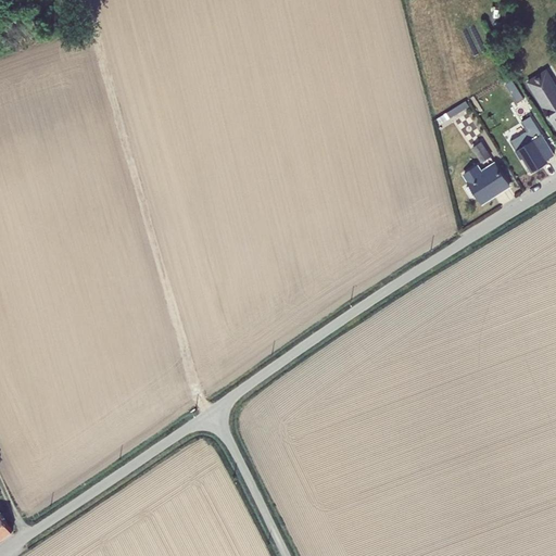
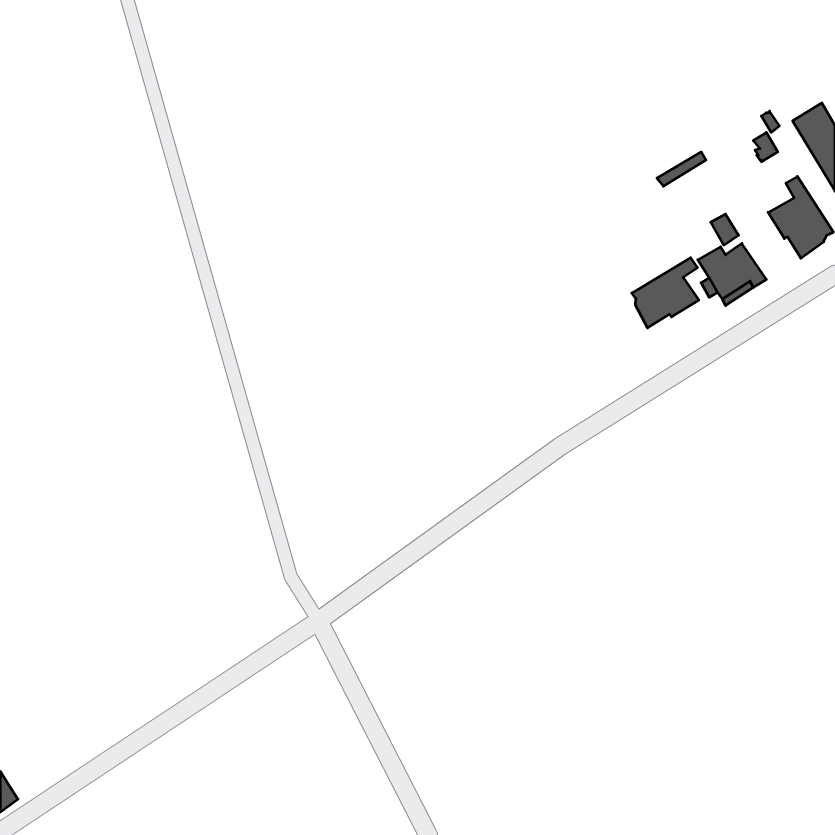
building: none -> [632,258,699,328]

